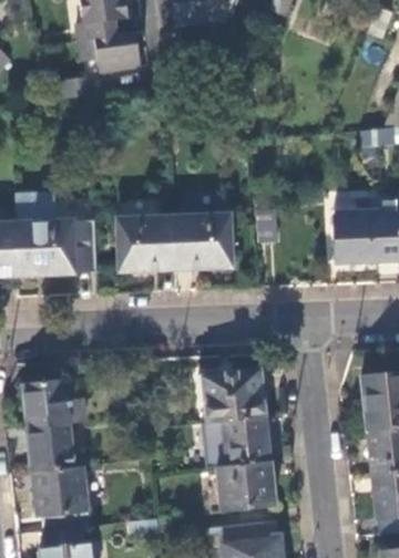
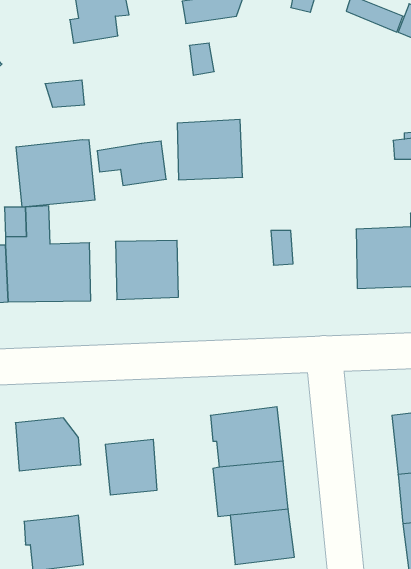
building: [76,33,139,73] -> [97,141,166,185]
building: none -> [16,140,95,207]
building: [170,216,228,270] -> [177,119,243,180]
building: [28,422,74,472] -> [105,439,157,495]

